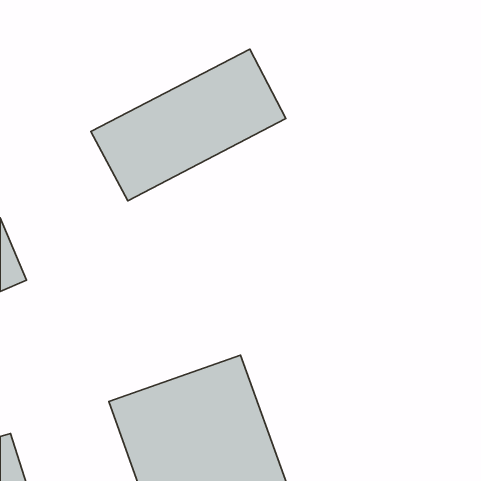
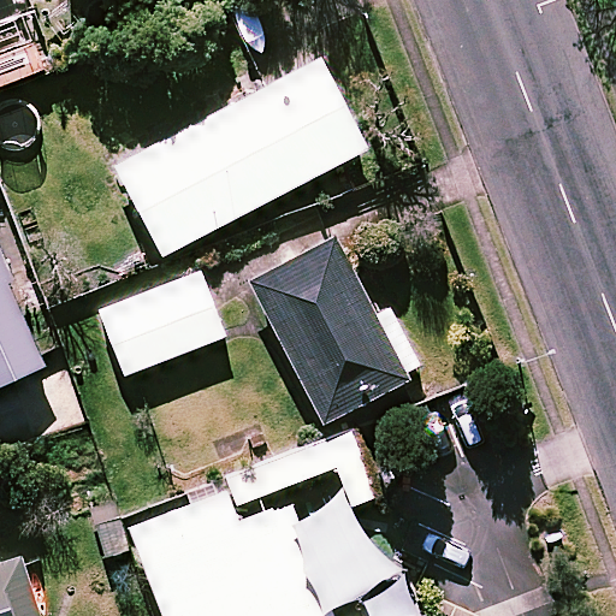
building: none -> [244,233,413,414]
building: none -> [97,272,217,372]

